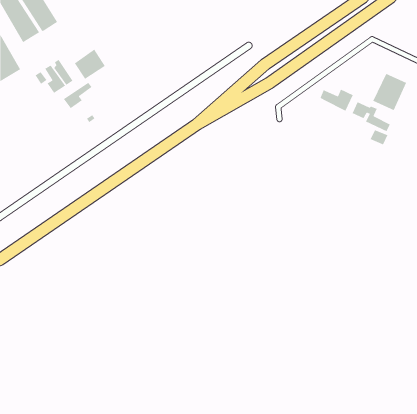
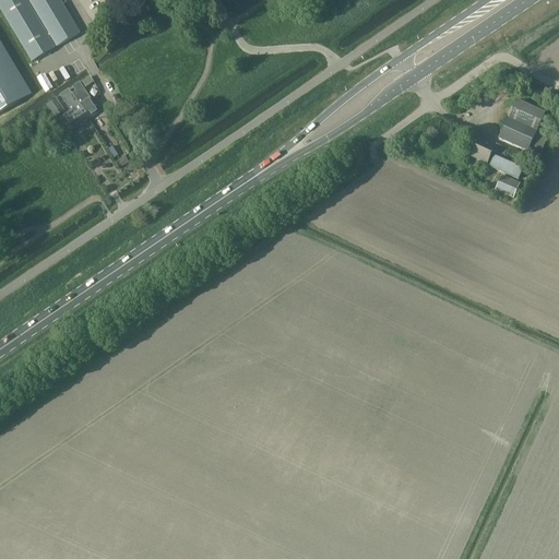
building: [74,49,106,80] -> none
building: [63,82,93,109] -> none
building: [319,89,354,112] -> none

